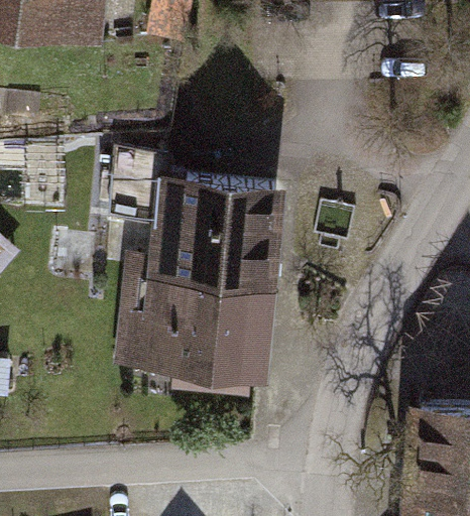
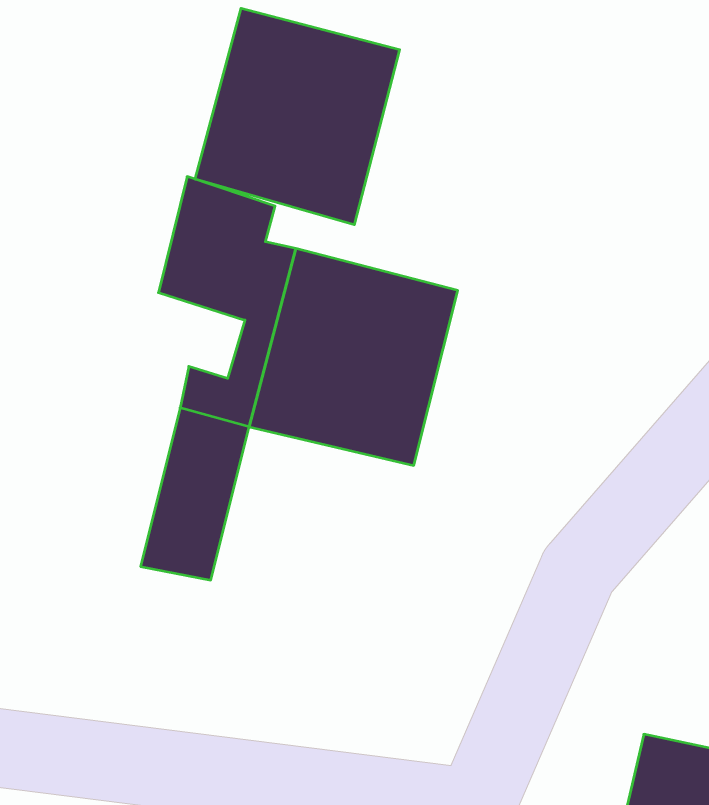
building: none -> [195,8,400,225]
building: [174,287,274,383] -> none

